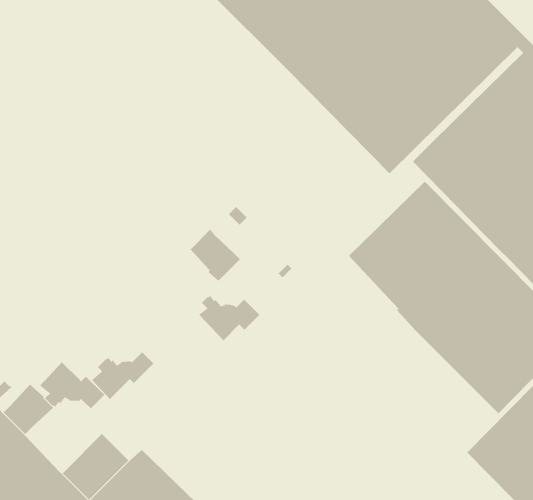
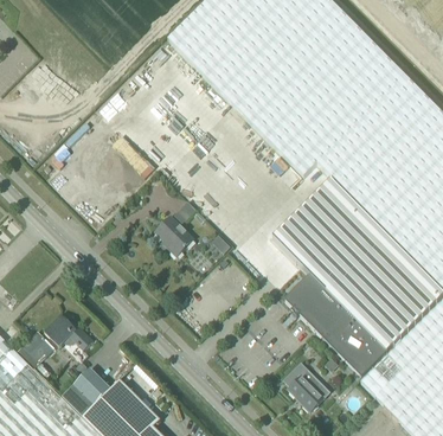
building: [198,295,260,341] -> none
building: none -> [285,275,384,373]
building: [91,352,154,400] -> none
building: none -> [283,361,329,409]

